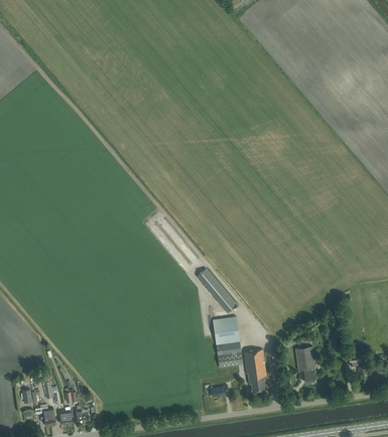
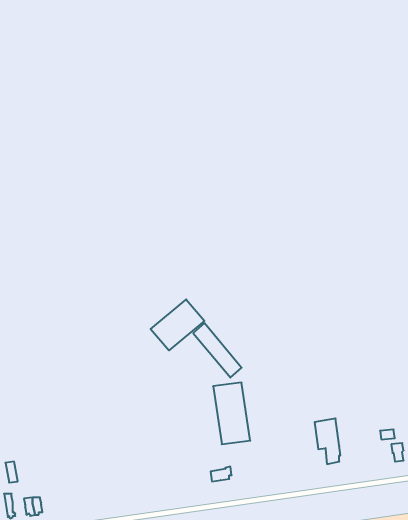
building: none -> [151,299,204,350]
building: [244,350,267,392] -> none

